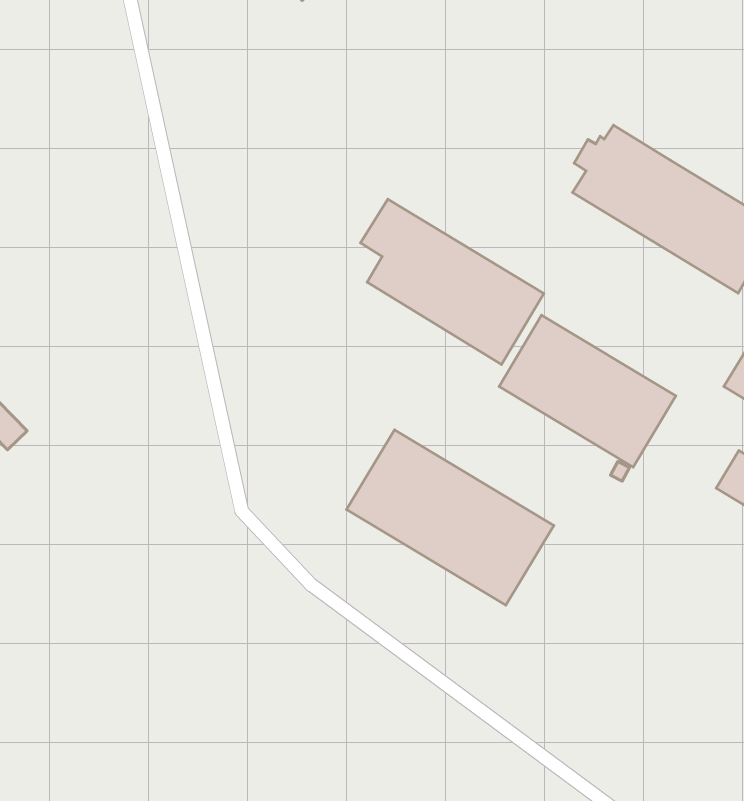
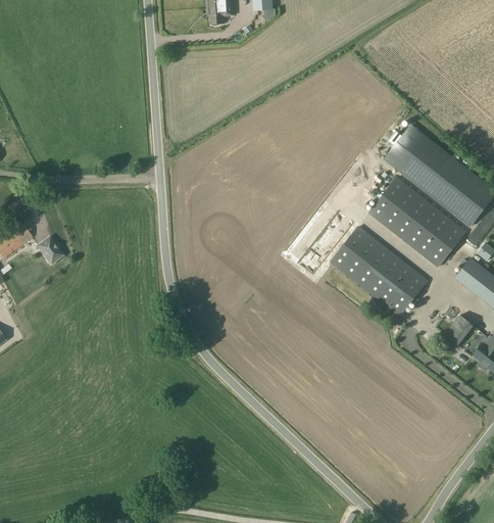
building: [360,199,544,365] -> [367,167,466,267]
building: [346,430,554,605] -> none

